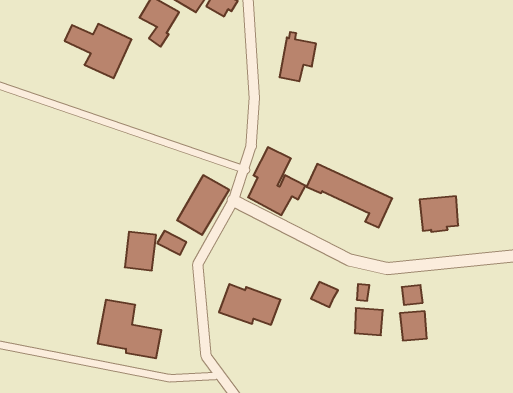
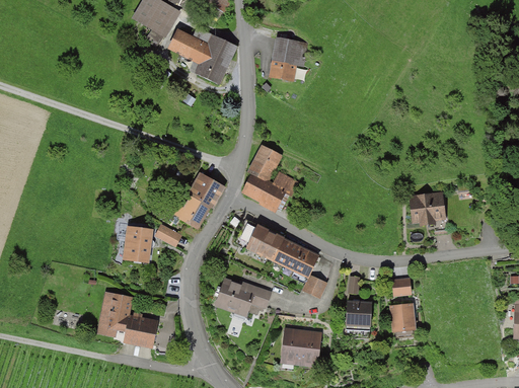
building: [65,24,132,78] -> [170,30,235,83]
building: [307,164,392,228] -> [234,221,317,283]
building: none -> [279,326,321,366]

